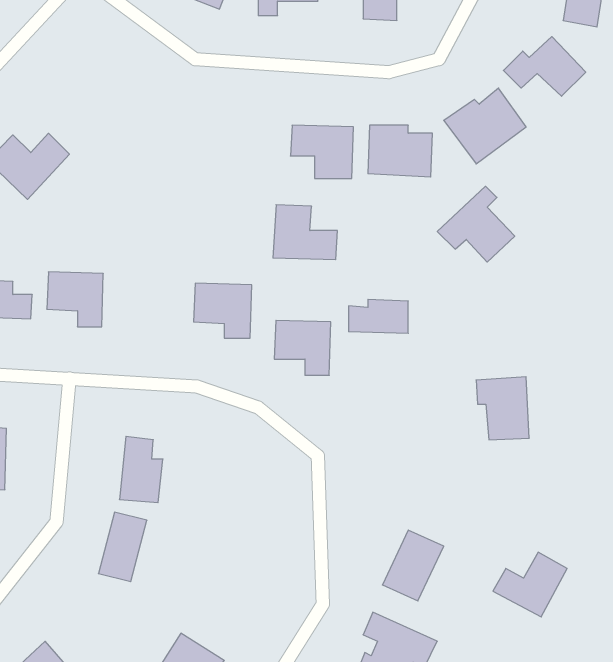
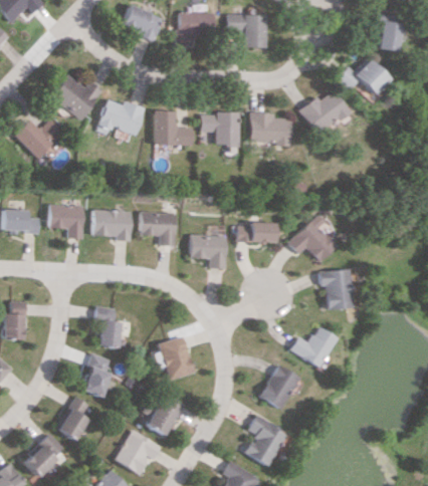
building: none -> [51,73,104,119]
building: none -> [99,99,147,135]
building: [437,186,515,262] -> [288,214,337,261]
building: [273,205,337,260] -> [155,110,195,145]
building: none -> [94,210,134,241]
building: none -> [159,335,195,380]
building: [493,552,567,617] -> [288,326,335,367]
building: none -> [146,395,185,437]
building: none -> [53,396,88,441]

